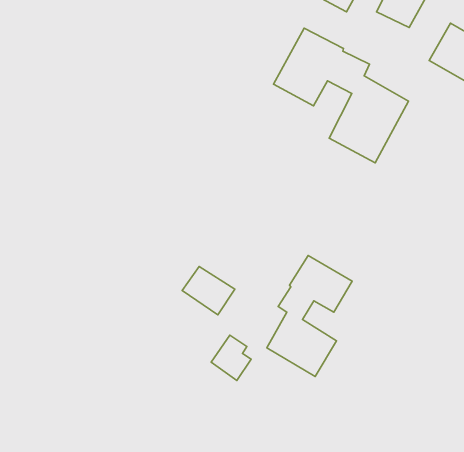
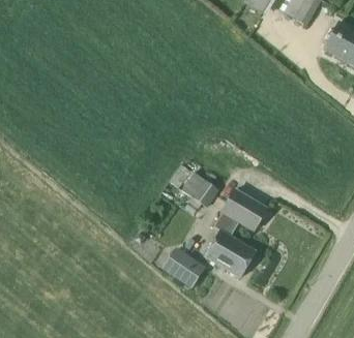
building: [273,28,409,163] -> none
building: [182,266,235,315] -> [181,171,219,206]

